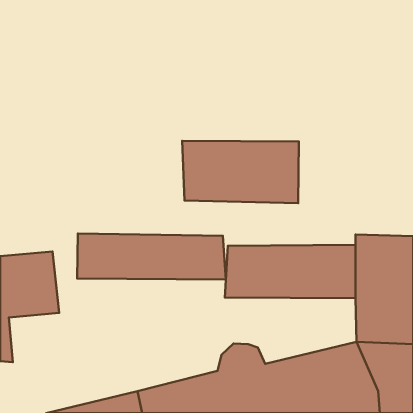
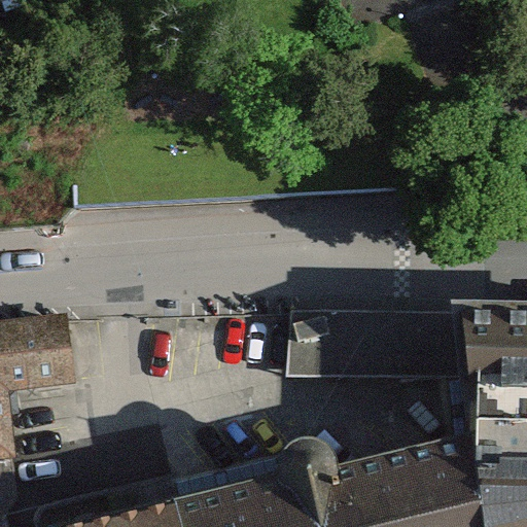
building: [182,141,299,203] -> none
building: [77,233,226,279] -> none

